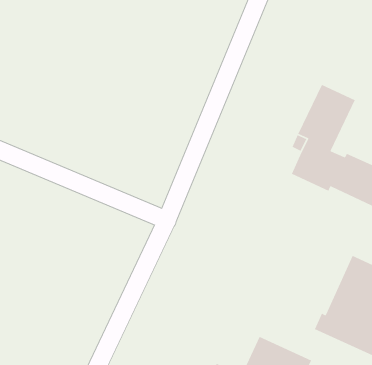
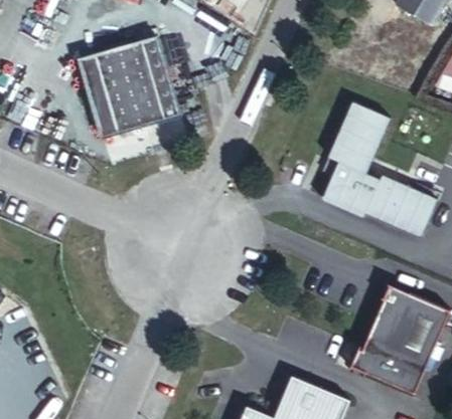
building: none -> [81,35,182,136]

